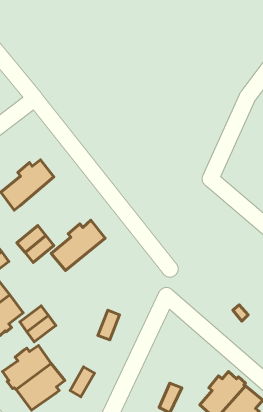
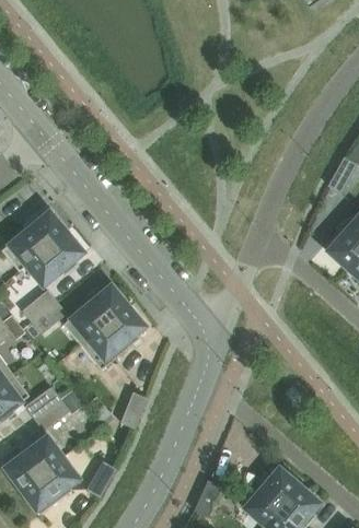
building: none -> [25,231,84,284]
building: none -> [81,305,147,369]

